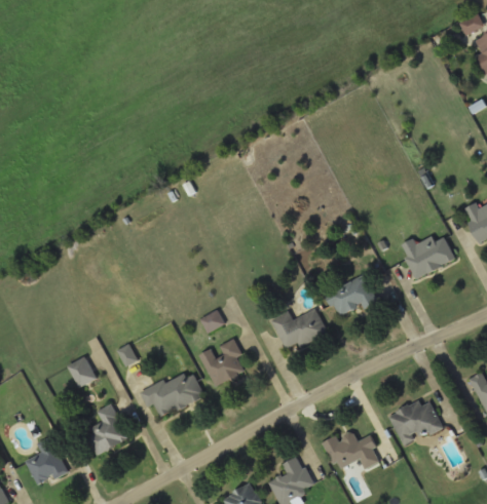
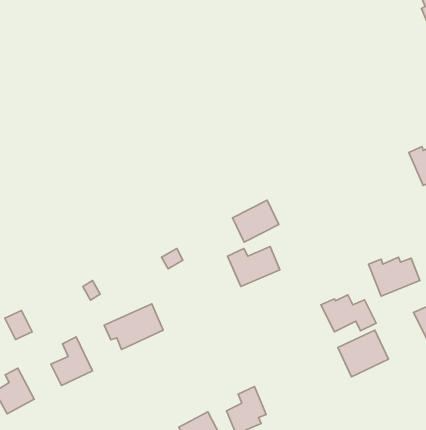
building: [401,236,455,277] -> [368,257,420,296]
building: [327,274,376,318] -> [232,200,279,242]
building: [200,339,245,386] -> none
building: [68,356,97,387] -> [5,310,32,340]
building: [323,431,381,470] -> [321,295,376,332]

